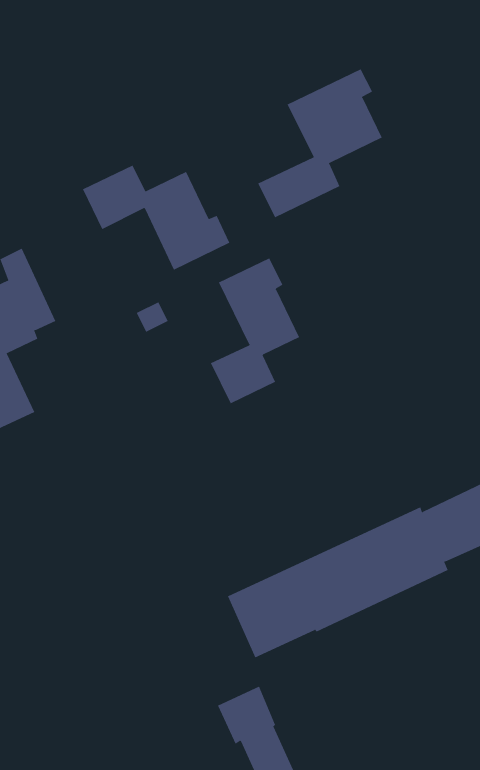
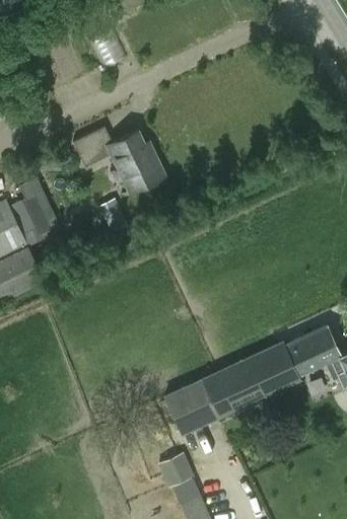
building: [258,68,382,218] -> none
building: [210,257,300,404] -> none

